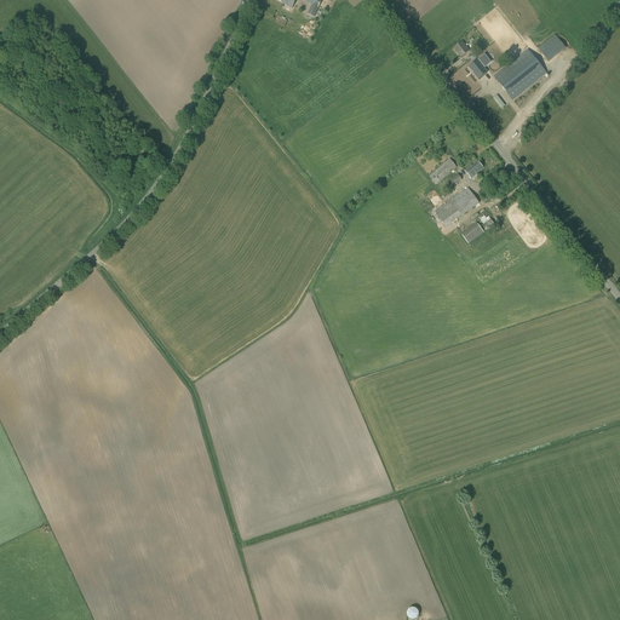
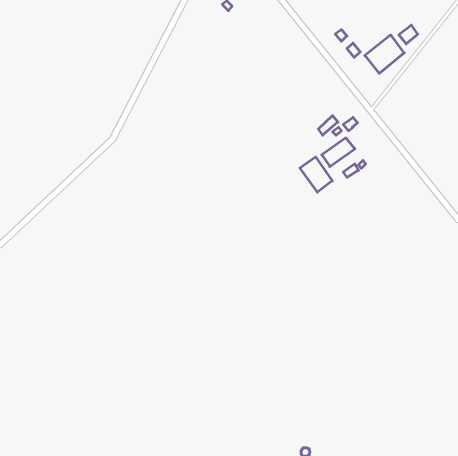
building: none -> [300,157,332,192]

